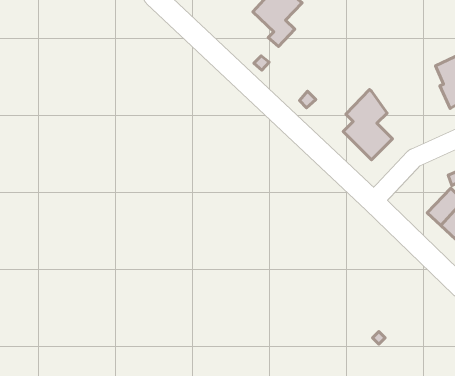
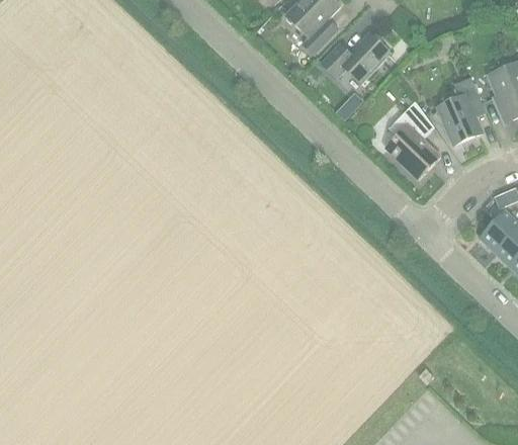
building: none -> [322,32,390,83]
building: none -> [438,77,483,144]

